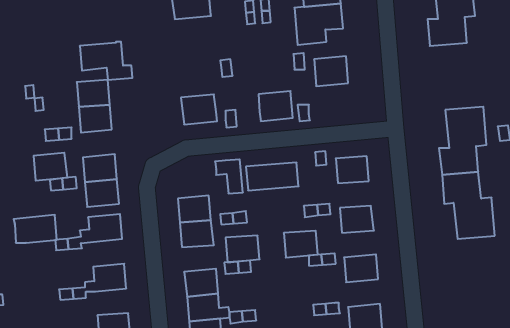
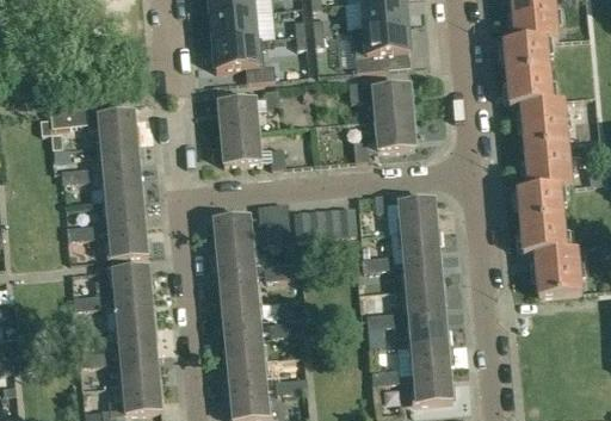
building: [80,42,132,80] -> [211,30,272,74]
building: none -> [506,62,568,140]
building: none -> [216,91,257,125]
building: [259,91,293,121] -> [375,109,414,143]
building: [34,153,68,181] -> [103,162,142,194]
building: none -> [212,210,251,242]
building: none -> [400,222,438,253]
building: [14,215,57,243] -> [103,289,153,321]
building: [284,231,318,258] -> [405,279,444,310]
building: [226,236,260,262] -> [220,296,259,327]
building: none -> [409,335,449,367]
building: none -> [119,346,158,377]

